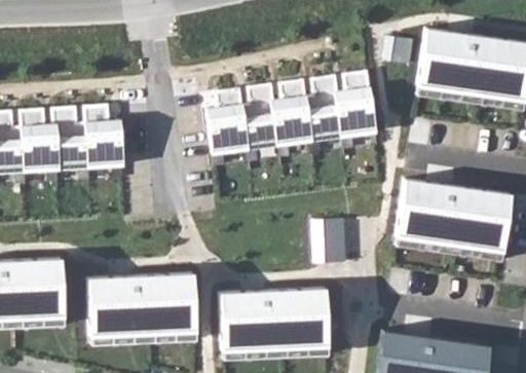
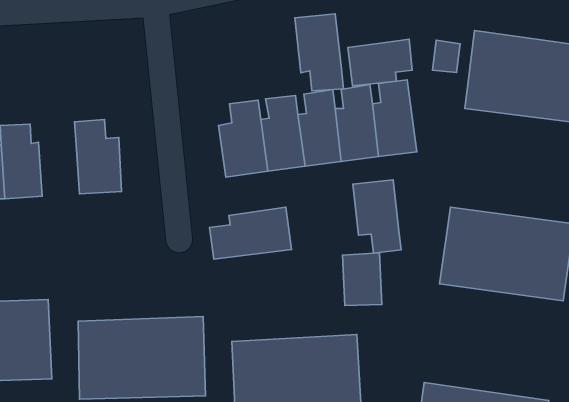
building: none -> [295,14,344,91]
building: none -> [348,39,412,86]
building: [52,106,88,170] -> none
building: none -> [353,180,401,253]
building: none -> [209,207,291,259]

